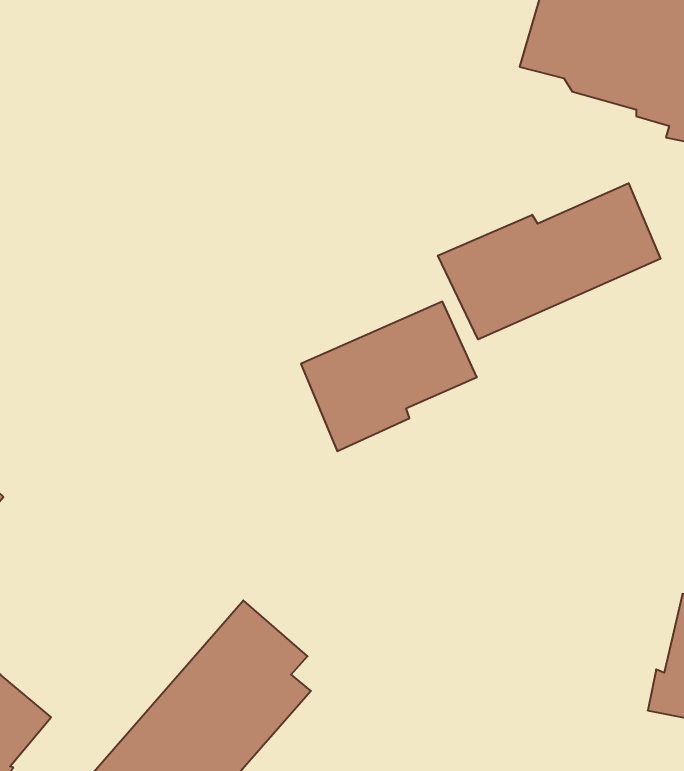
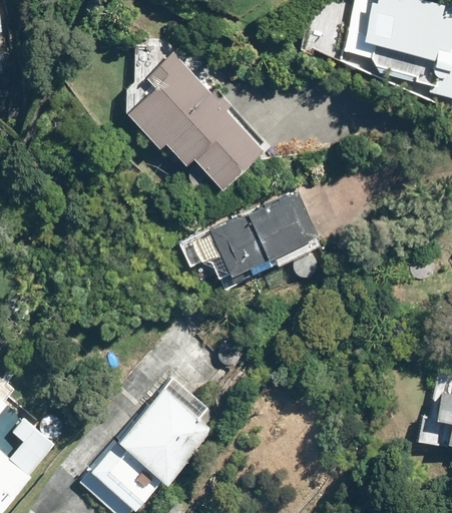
building: none -> [125,51,266,190]
building: [438,183,661,339] -> none

